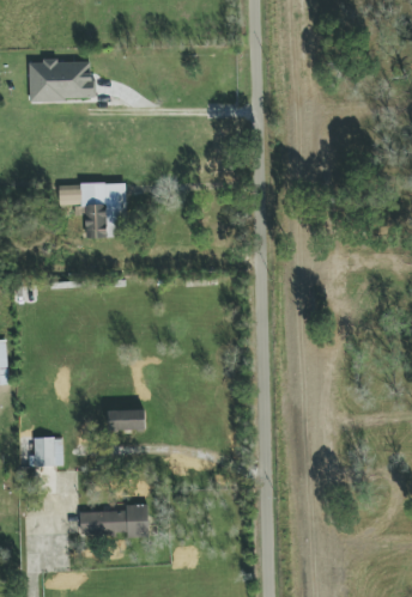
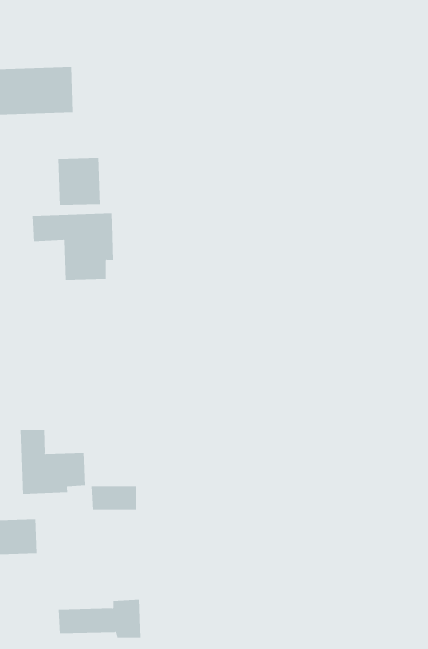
building: none -> [58,157,101,206]
building: none -> [20,429,85,495]

